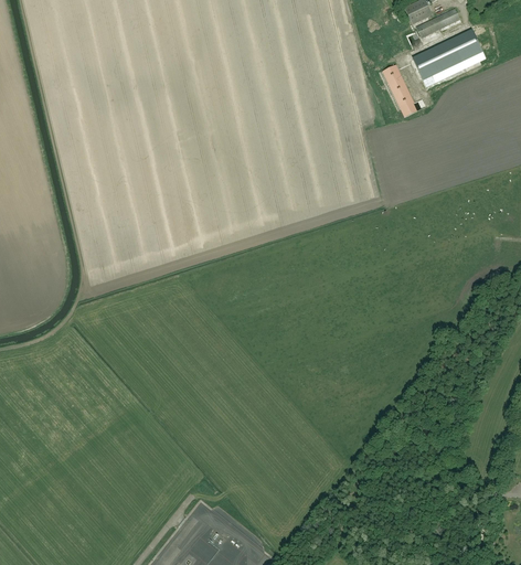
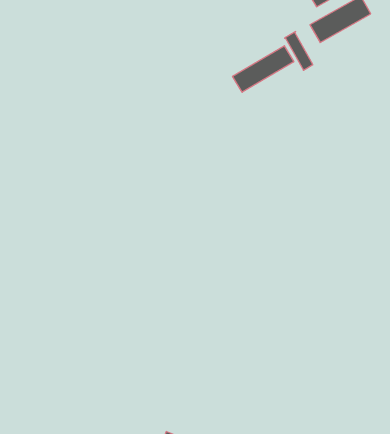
building: none -> [233,46,294,92]

